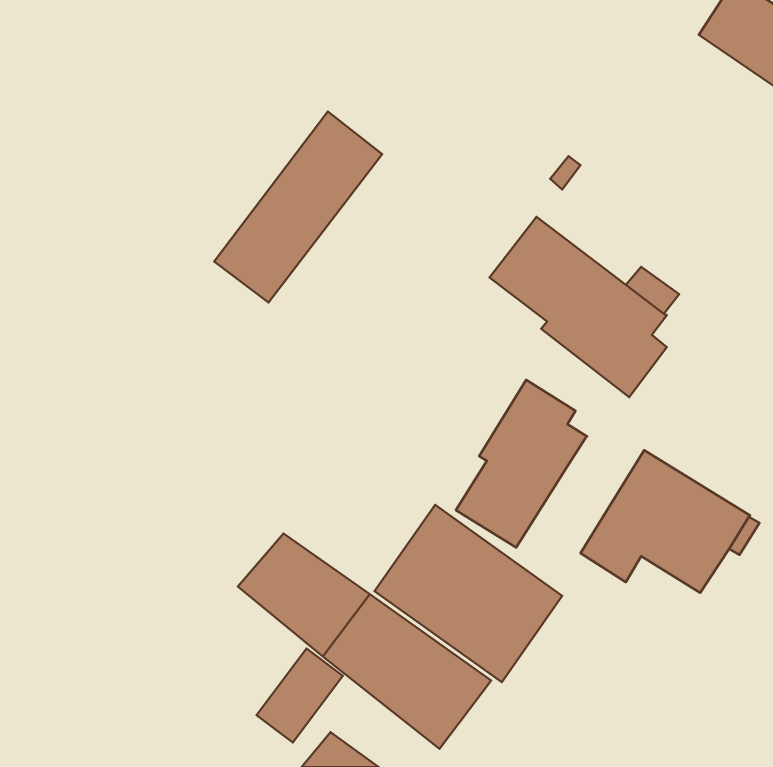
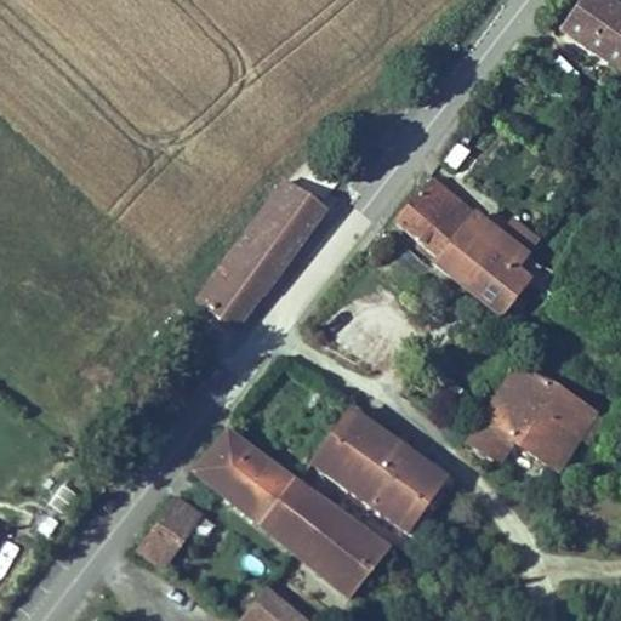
building: [214,112,382,303] -> [194,175,329,327]
building: [456,380,587,548] -> none
building: [256,649,343,742] -> [137,492,206,568]

